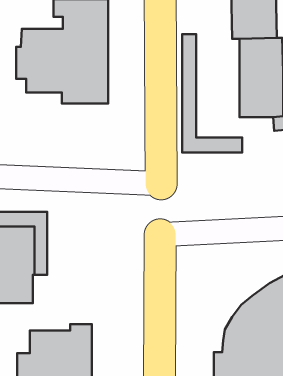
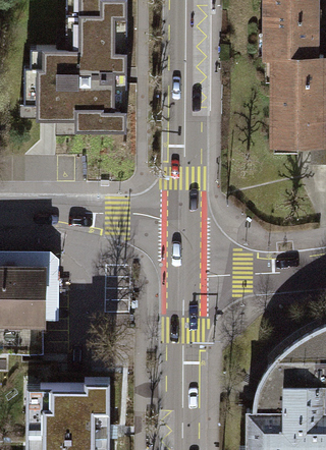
building: [182,34,242,153] -> none

